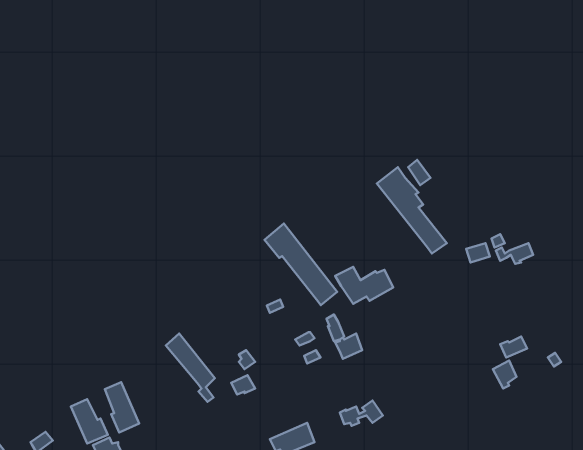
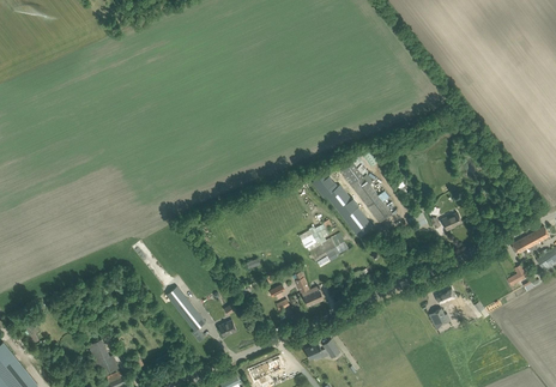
building: [264,224,337,305] -> [313,170,371,236]
building: [105,382,139,433] -> none

